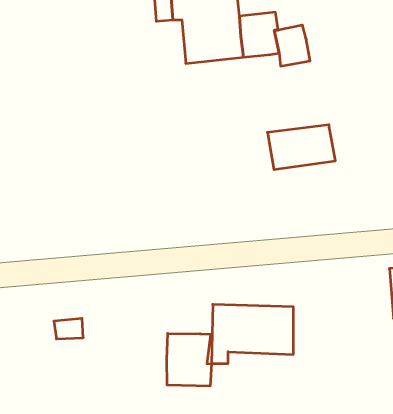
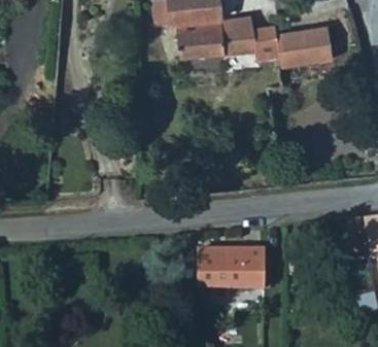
building: [267,125,335,170] -> [276,30,331,66]
building: [167,333,211,386] -> none

